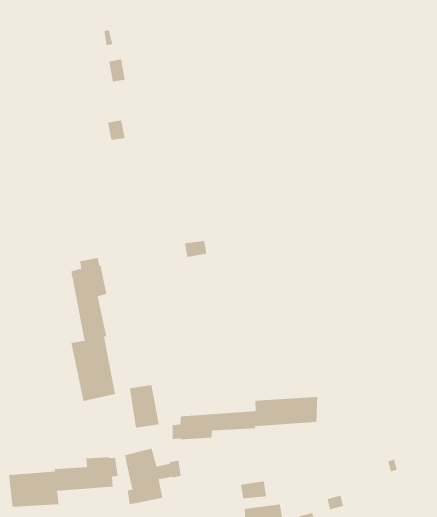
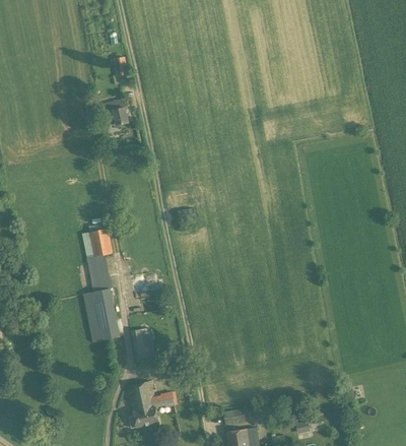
building: [172,396,318,440] -> none
building: [9,456,118,508] -> none

